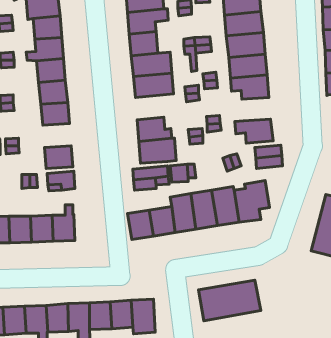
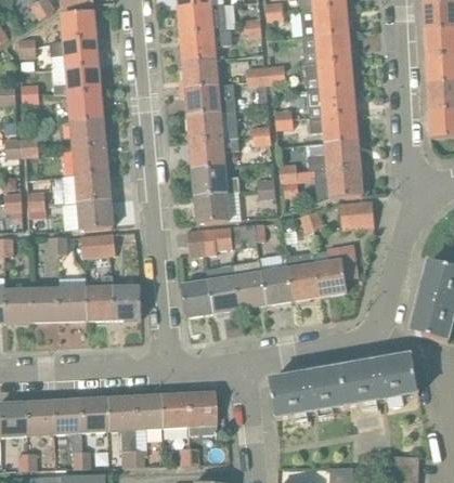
building: none -> [191,135,239,168]
building: none -> [324,140,360,169]
building: none -> [63,172,111,203]
building: none -> [114,285,142,318]
building: none -> [340,355,418,406]

